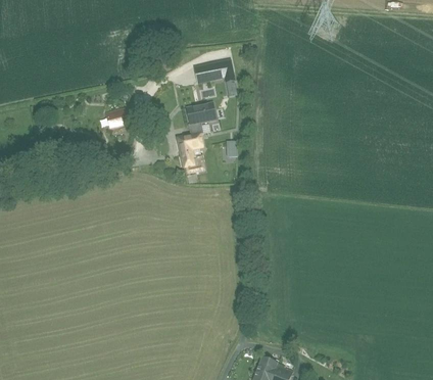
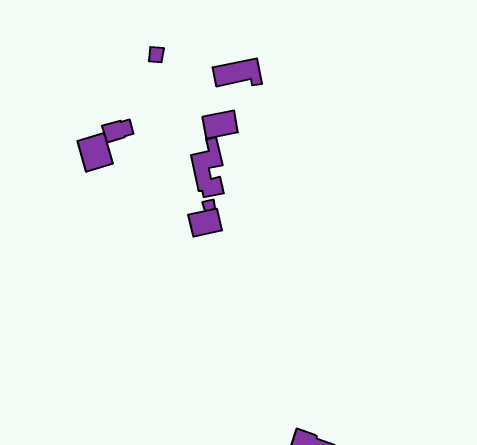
building: none -> [77,133,113,172]
building: none -> [188,209,222,237]

